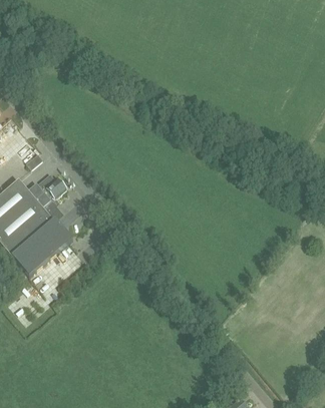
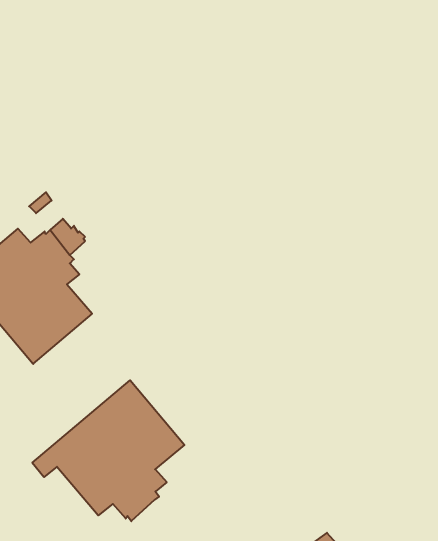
building: none -> [32,380,184,521]

